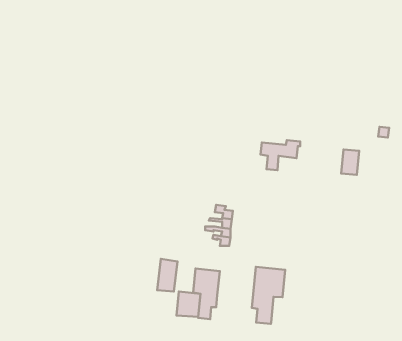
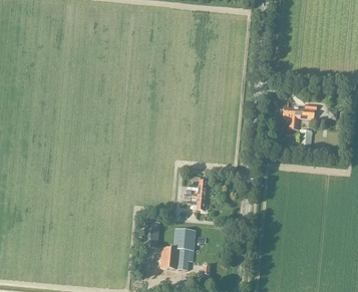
building: [261,140,300,170] -> [283,104,316,129]
building: [252,267,285,324] -> none

